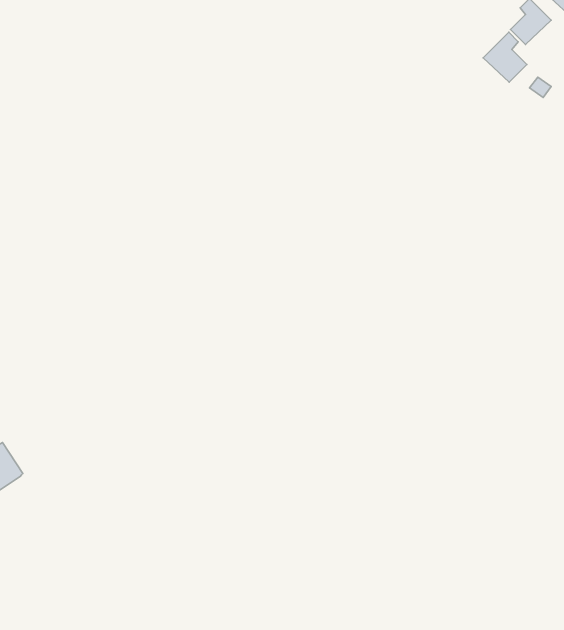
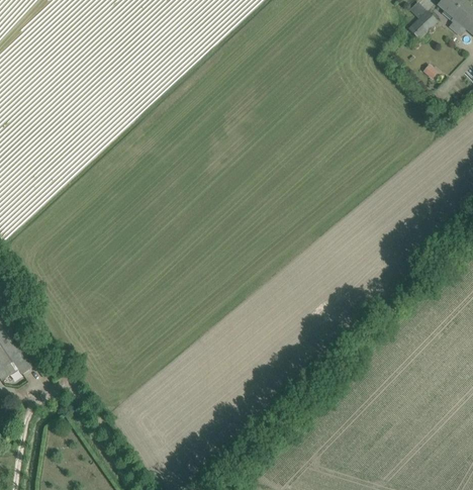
building: [483,32,527,82] -> none

